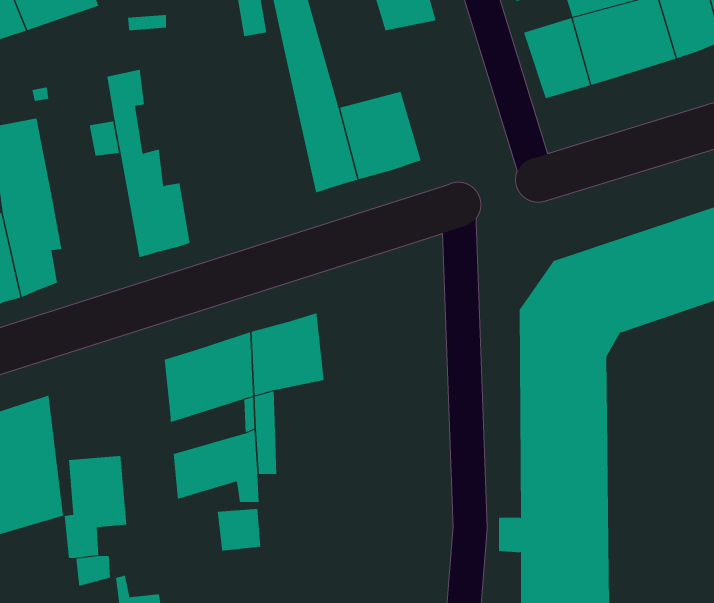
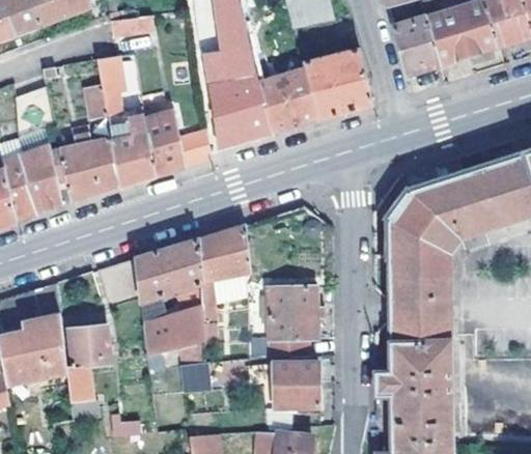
building: none -> [208,45,245,148]
building: none -> [304,51,372,120]
building: none -> [147,111,213,176]
building: none -> [60,132,120,202]
building: none -> [99,258,142,310]
building: none -> [269,286,324,359]
building: none -> [273,363,318,408]

